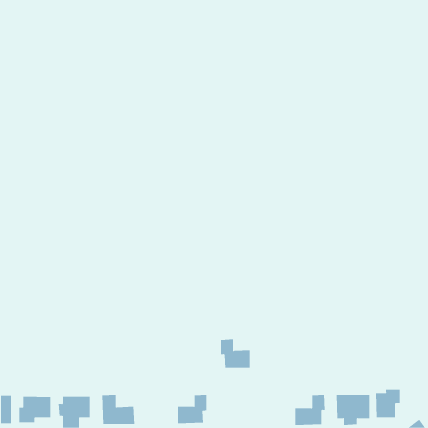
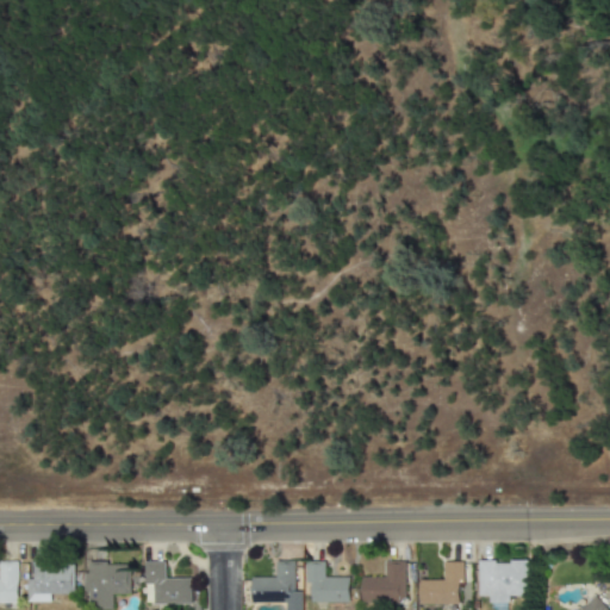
building: [220,339,251,368] -> [306,560,349,602]
building: [376,389,400,418] -> none
building: none -> [361,560,405,602]

